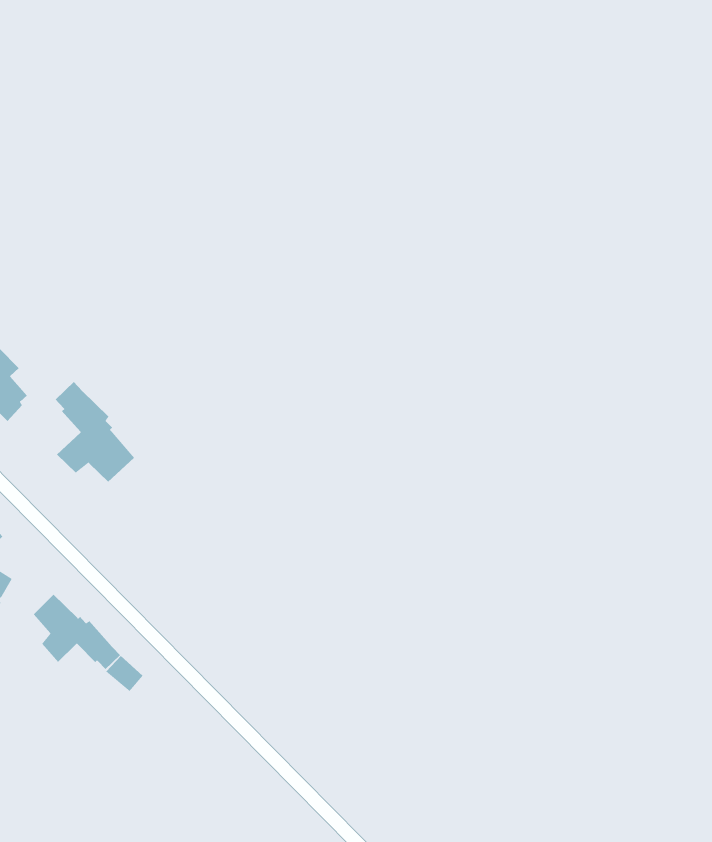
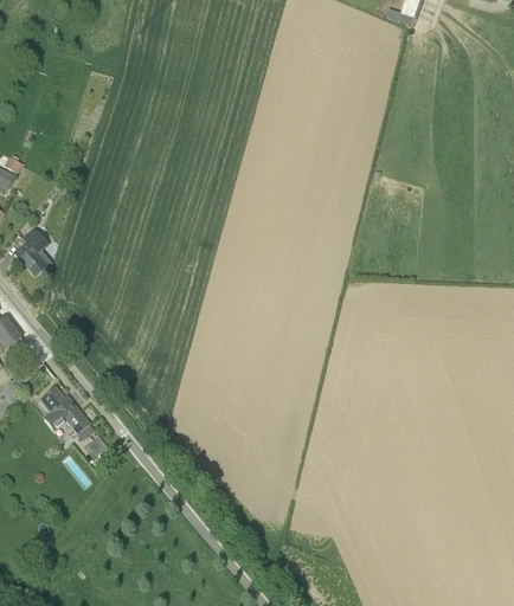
building: [55,381,135,482] -> none

